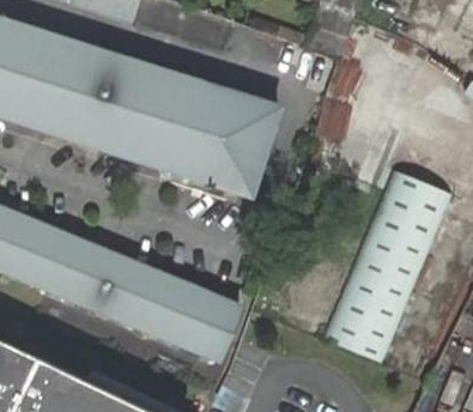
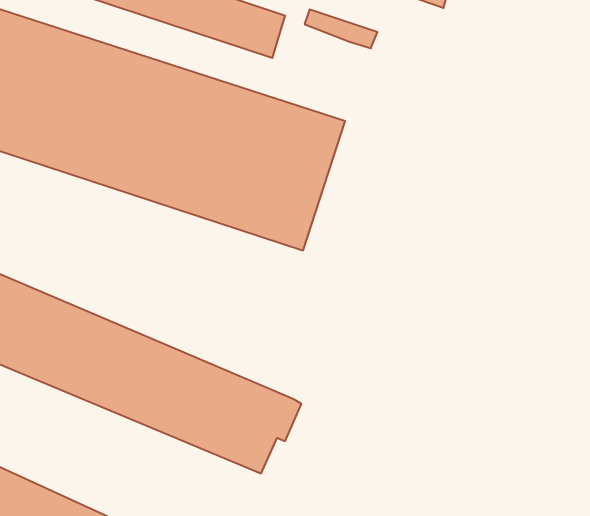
building: [326,172,456,363] -> none

